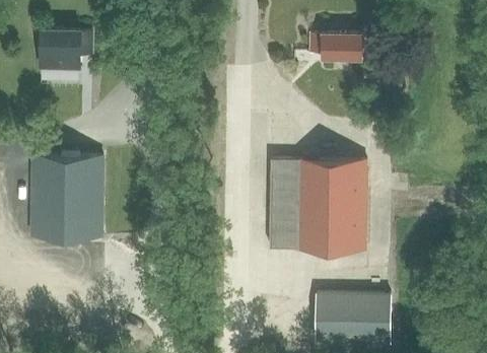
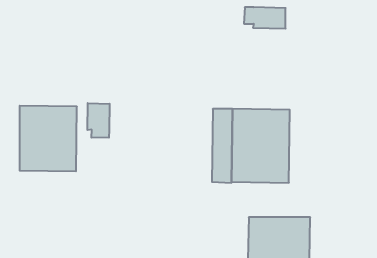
building: [40,30,92,70] -> none
building: none -> [87,103,110,138]

